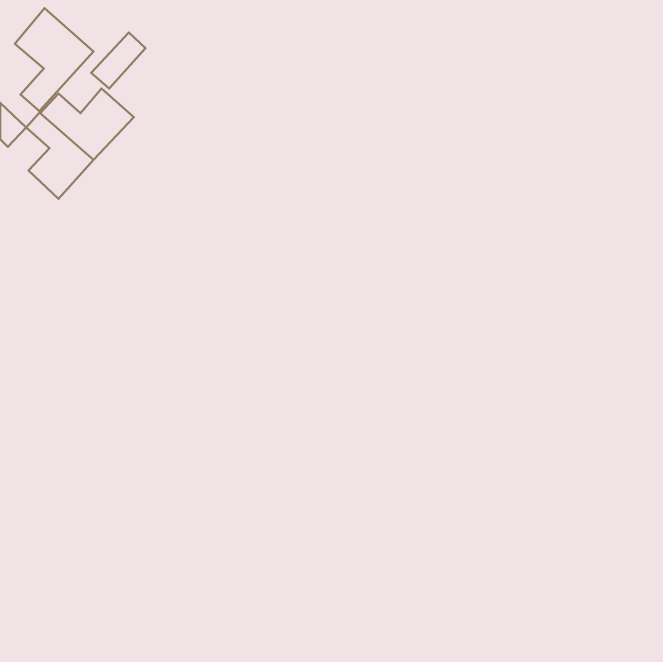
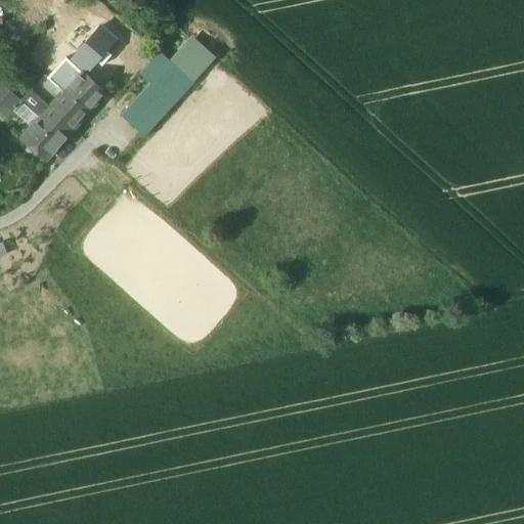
building: [15,8,93,112] -> none
building: none -> [123,40,212,133]

